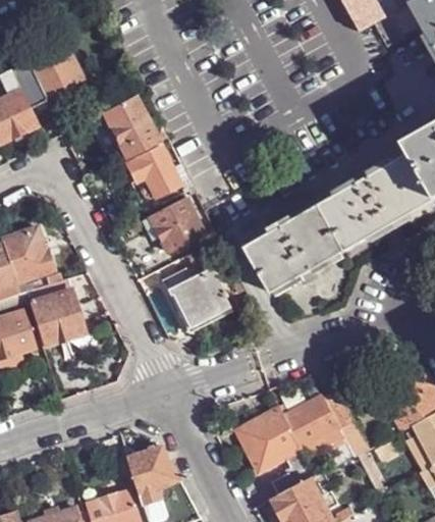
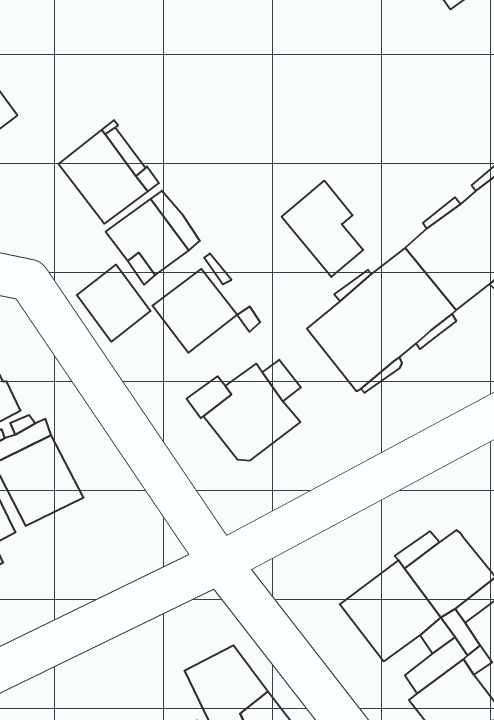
building: none -> [282,181,363,277]
building: none -> [77,265,151,342]

